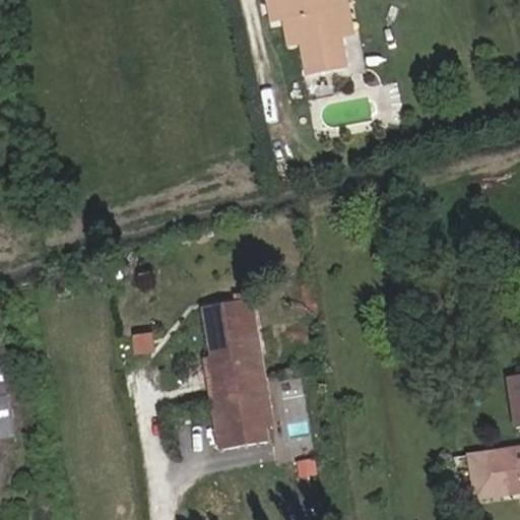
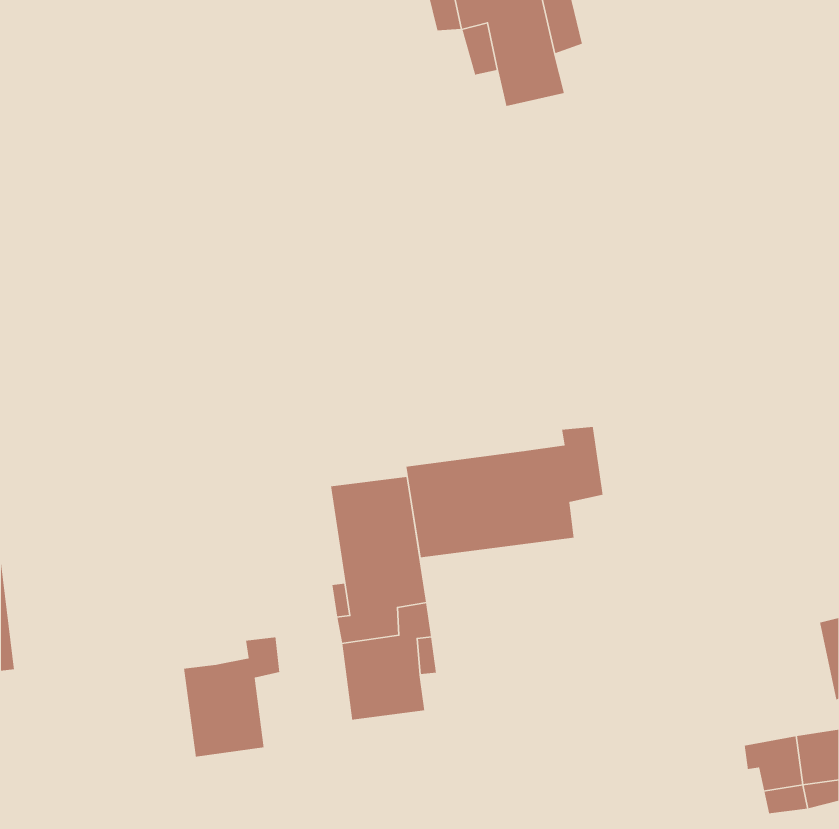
building: none -> [406,426,603,558]
building: none -> [183,636,280,758]

